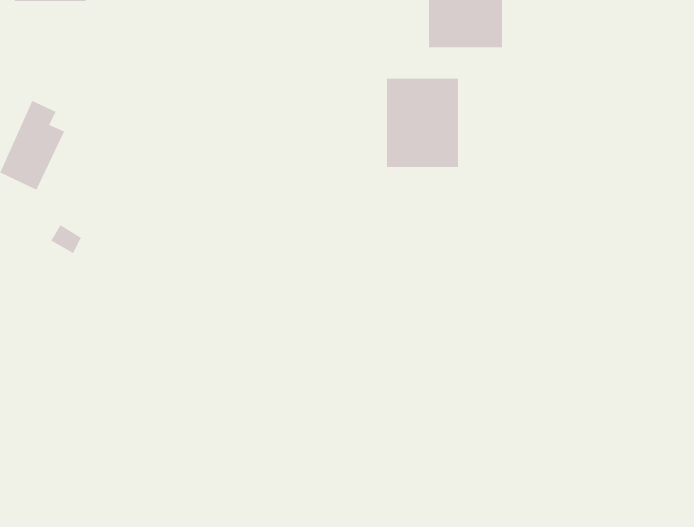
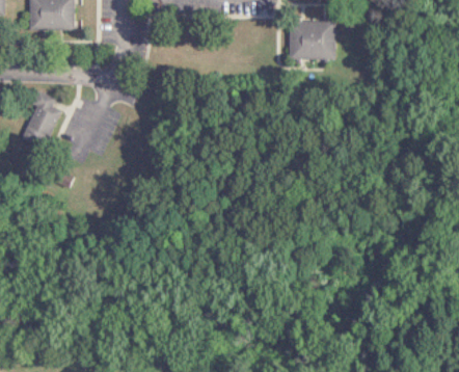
building: [386,78,459,168] -> none

